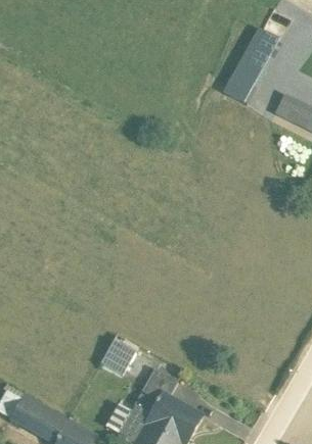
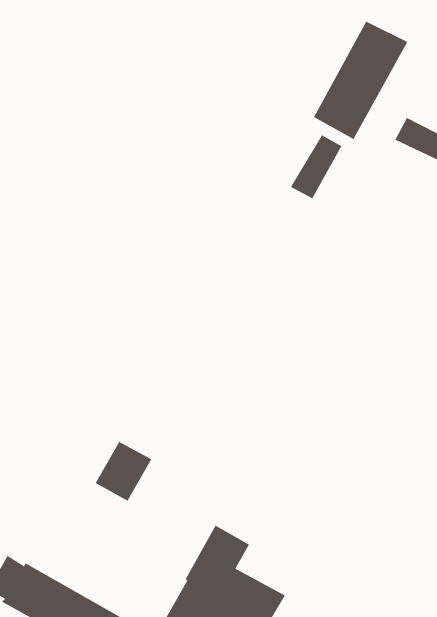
building: none -> [290,135,342,199]
building: [100,334,139,375] -> [95,441,152,501]

